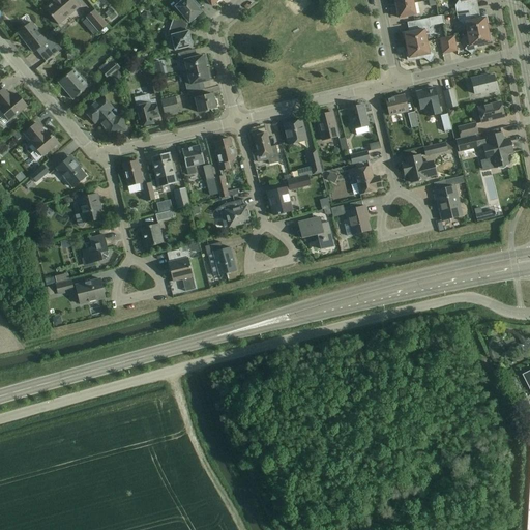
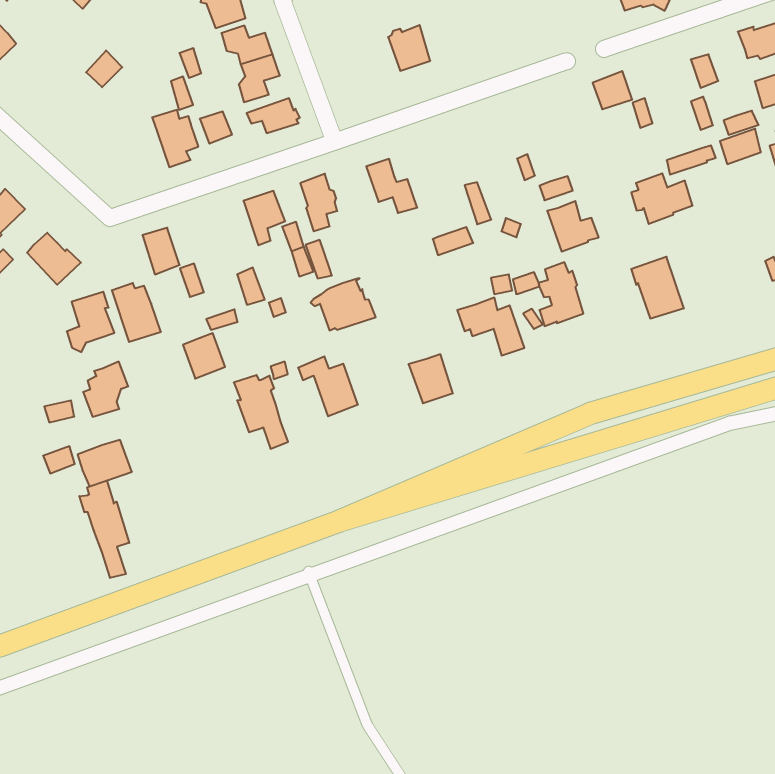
building: [59,69,88,99] -> none
building: [416,87,441,116] -> none
building: [85,95,125,134] -> none
building: [349,104,369,135] -> none
building: [317,112,338,140] -> none
building: [284,119,306,144] -> [388,25,430,71]
building: [151,153,177,186] -> [112,283,161,342]
building: [434,185,462,219] -> [631,257,684,318]
building: [268,187,292,214] -> [408,354,453,403]
building: none -> [79,480,129,578]

